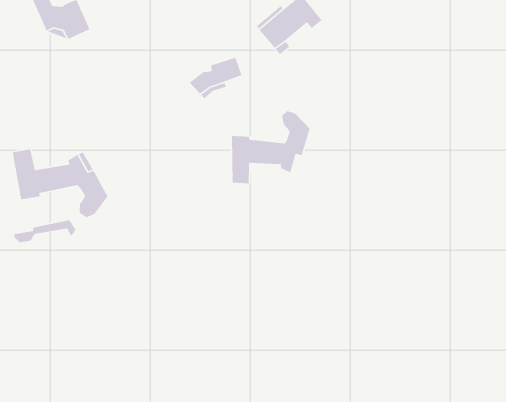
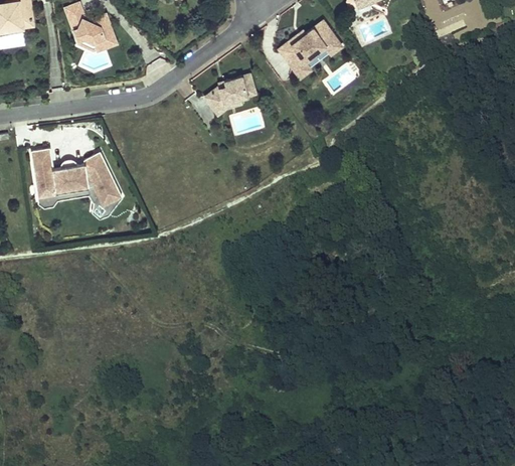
building: [231,110,311,184] -> none
building: [13,219,76,243] -> [39,187,100,206]

